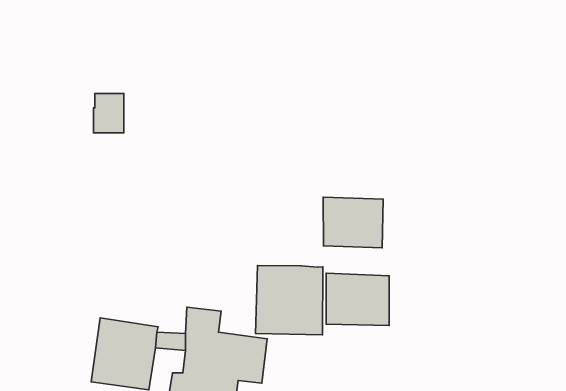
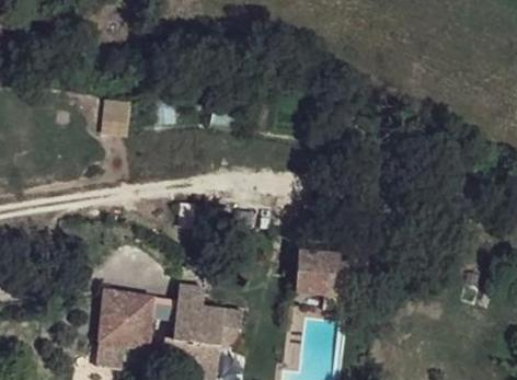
building: [323,197,383,248] -> none
building: [256,266,323,335] -> none

